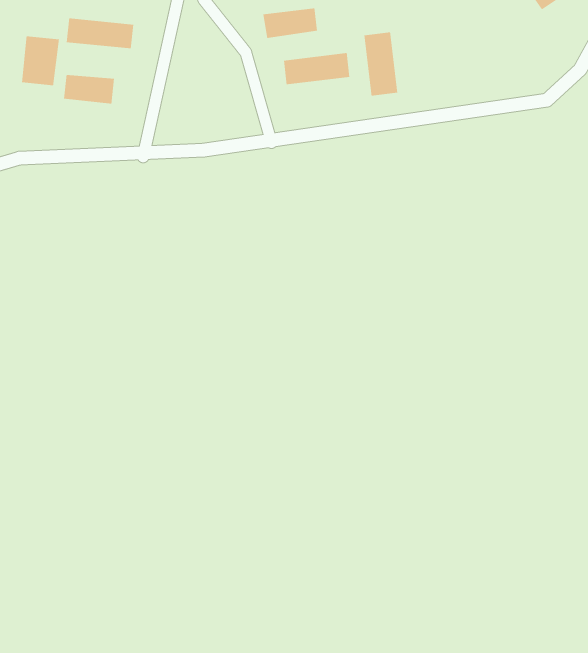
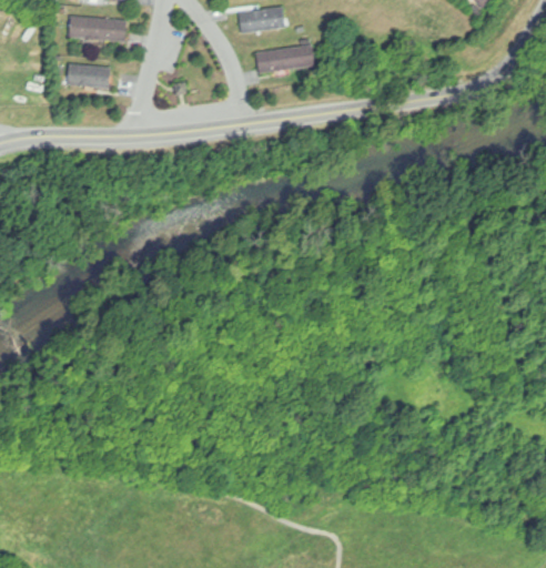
building: [364,31,398,97] -> none
building: [22,35,60,86] -> none

